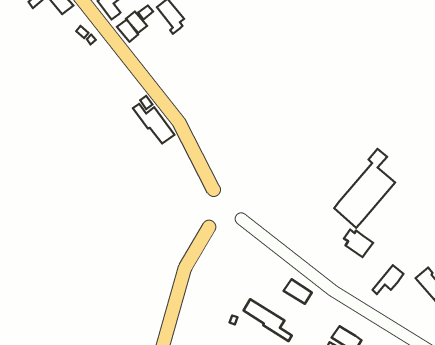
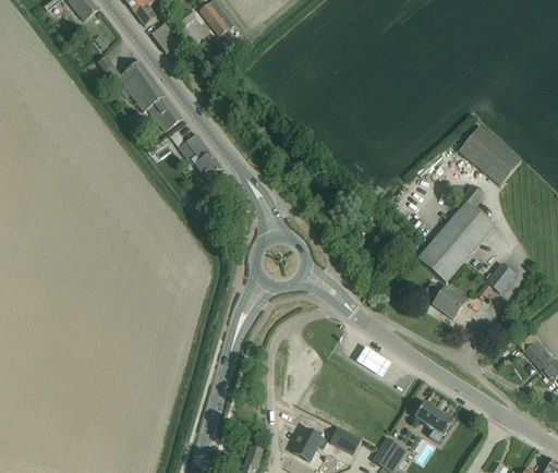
building: none -> [97,56,181,131]
building: none -> [458,126,520,185]
building: [372,265,403,294] -> [476,264,514,300]
building: [244,299,292,341] -> none

